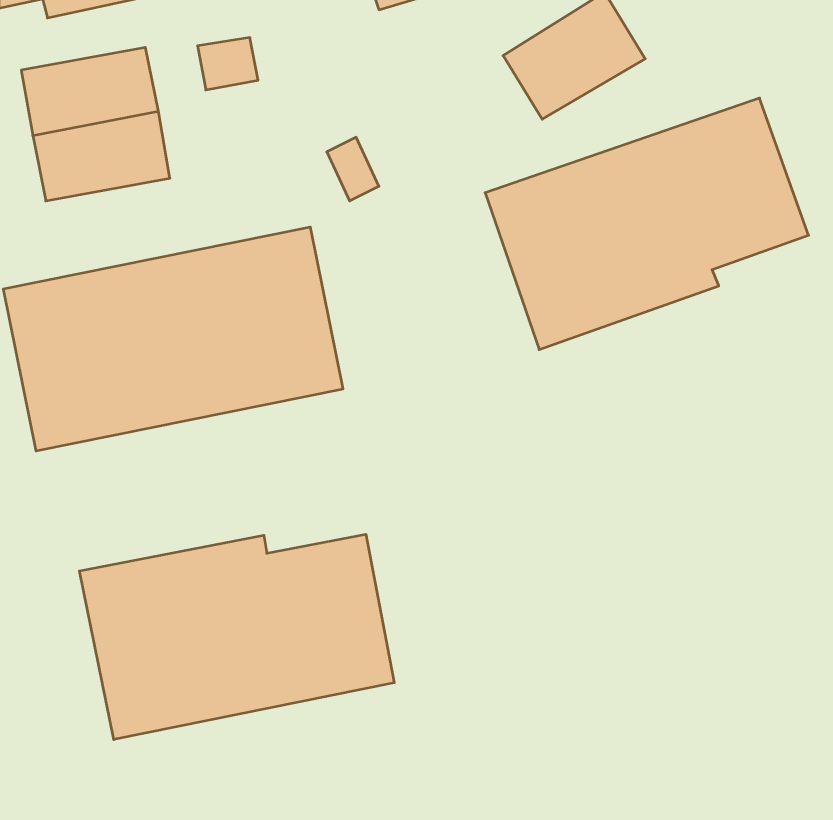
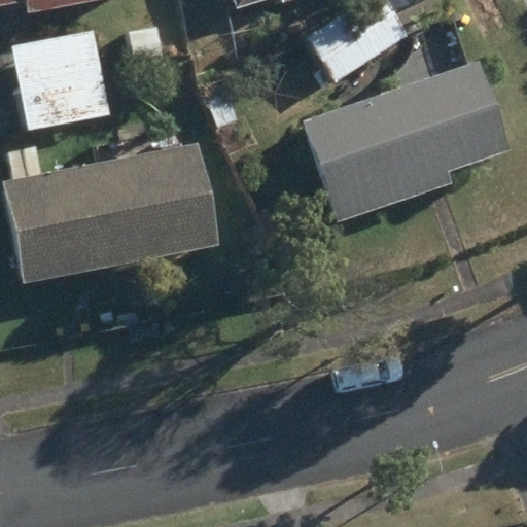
building: [79,534,394,740] -> none

